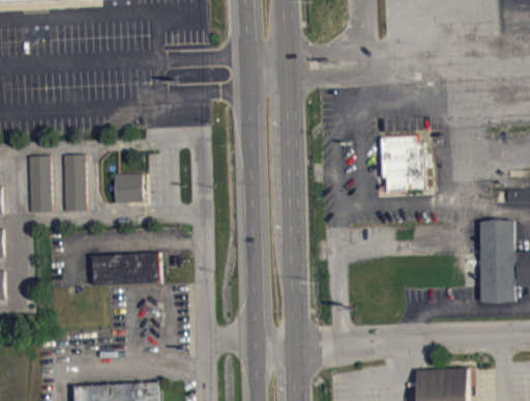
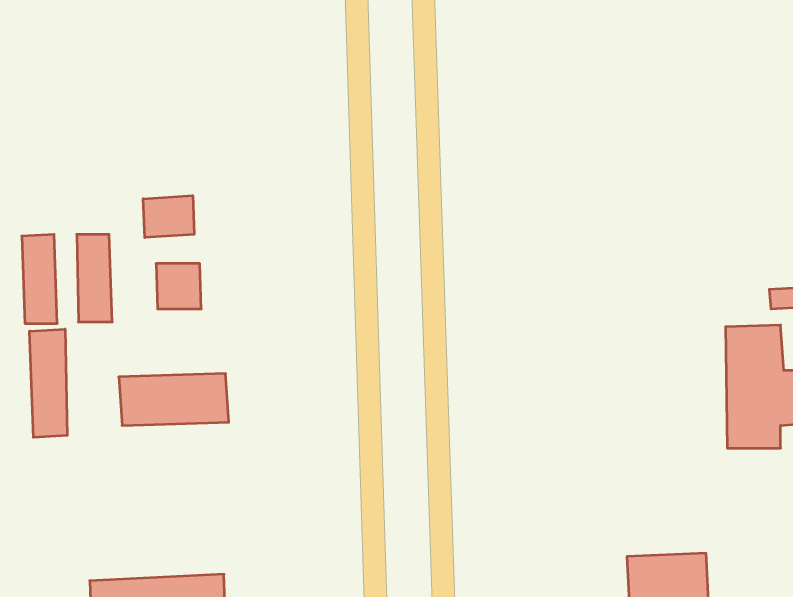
building: none -> [143,196,194,238]
building: [382,143,426,198] -> none
building: none -> [30,329,67,437]

